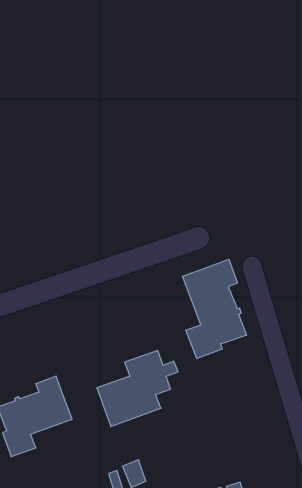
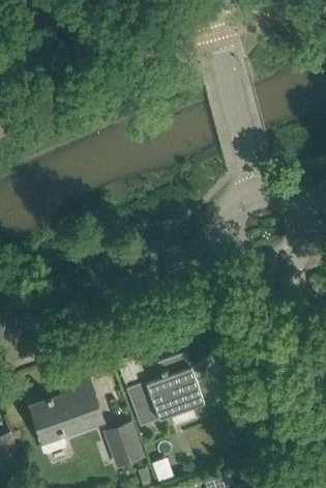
building: [183,259,247,359] -> none
building: none -> [106,423,143,468]

